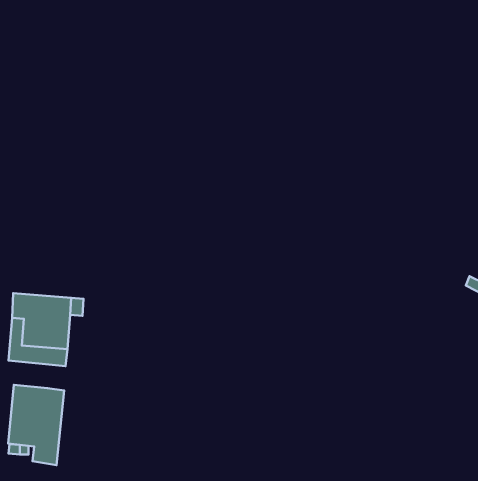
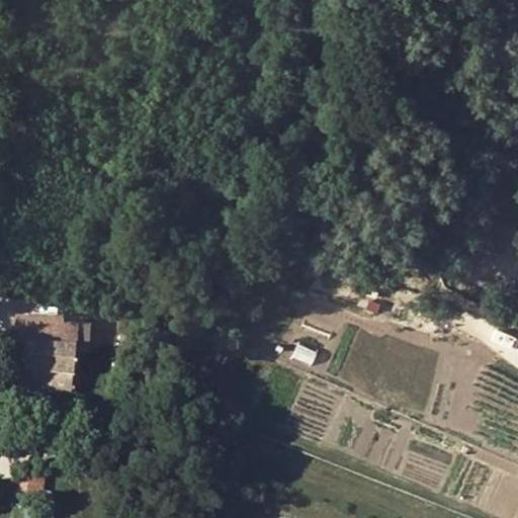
building: [8,385,64,465] -> none

